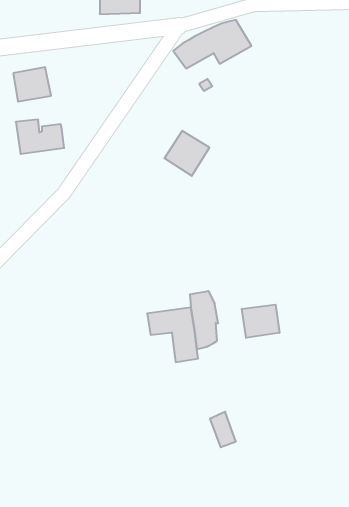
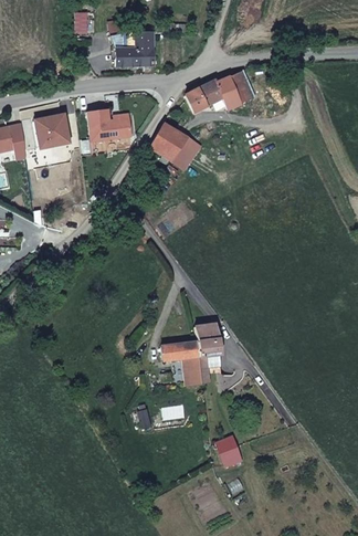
building: [16,120,64,154] -> [87,108,133,140]
building: [164,131,209,176] -> [148,122,190,164]
building: [242,305,279,338] -> none

